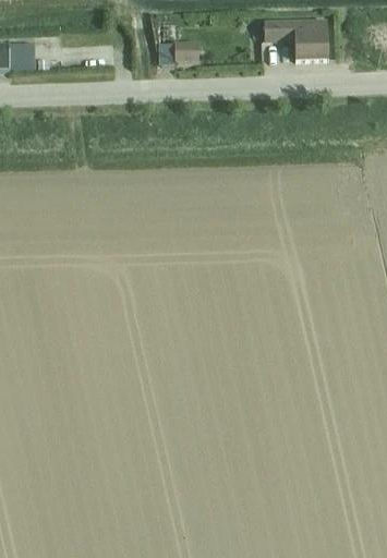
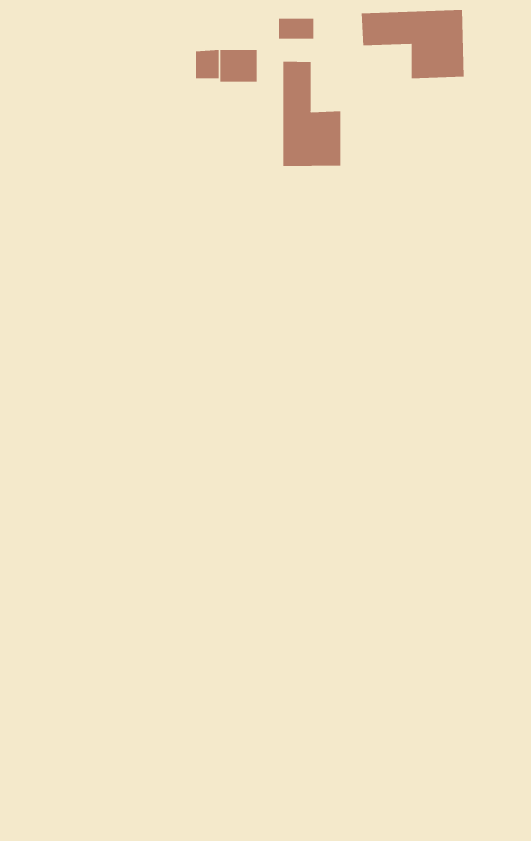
building: none -> [283,61,341,167]

